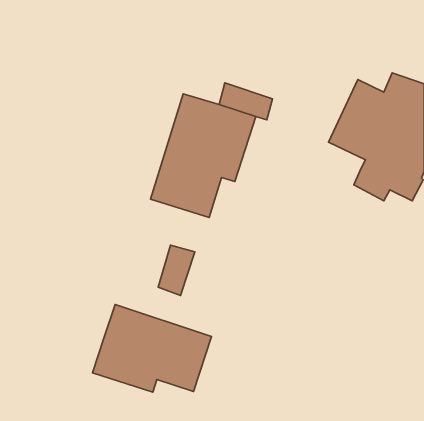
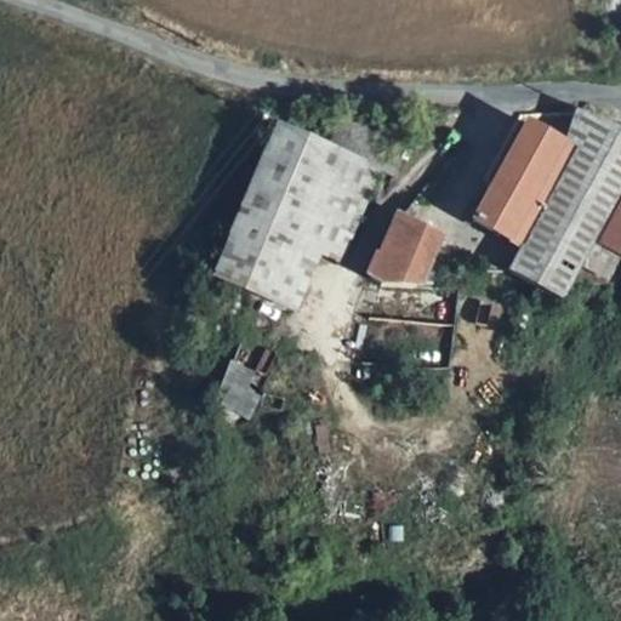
building: none -> [366,220,427,284]
building: [93,304,212,392] -> none

